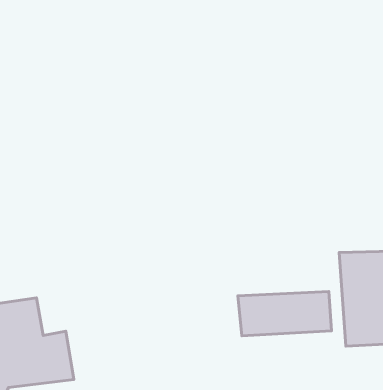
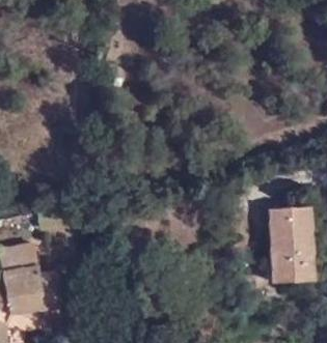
building: [238,292,331,336] -> none

